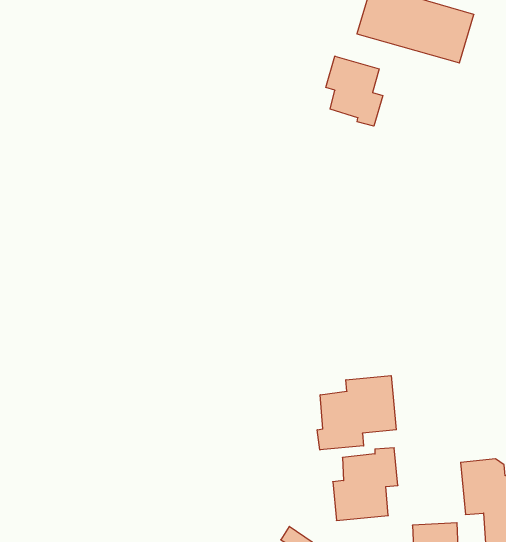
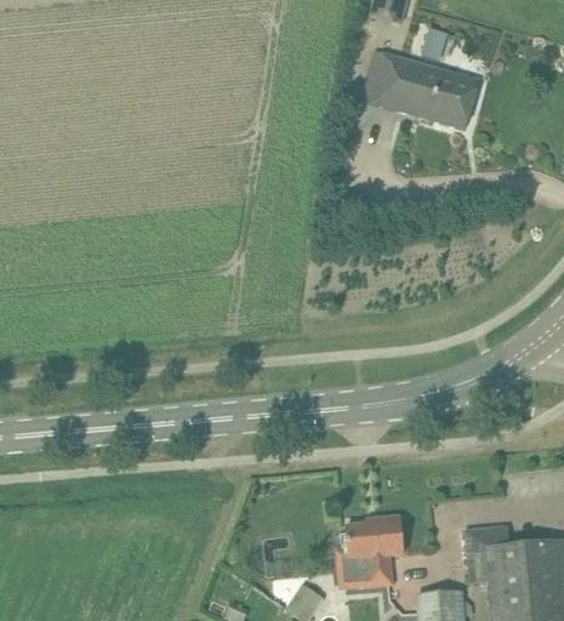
building: [326,56,383,126] -> none
building: [317,376,396,450] -> none

